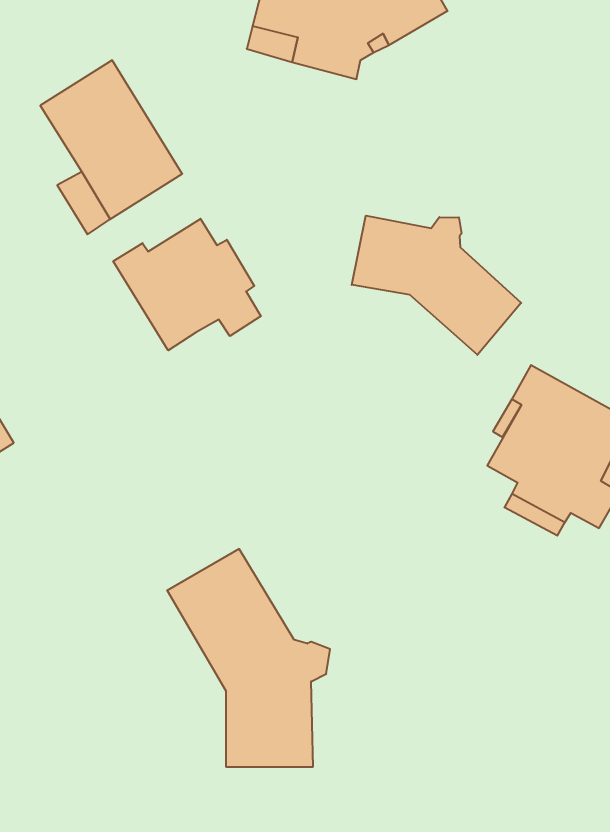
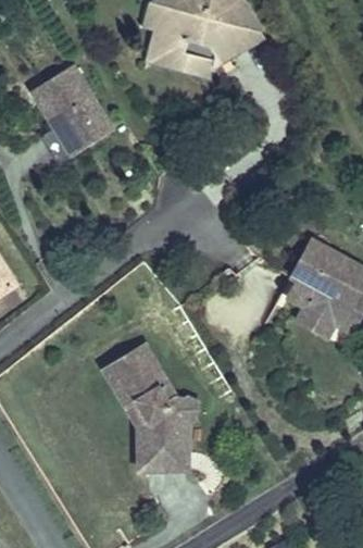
building: [352,216,521,355] -> none
building: [113,219,261,350] -> none

